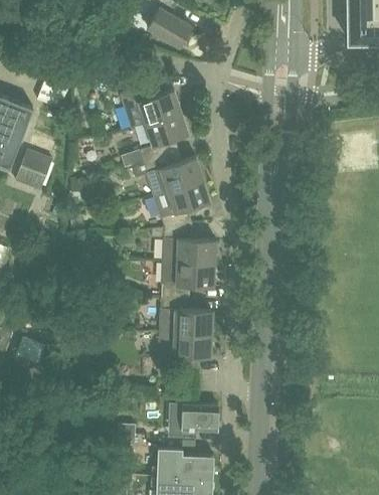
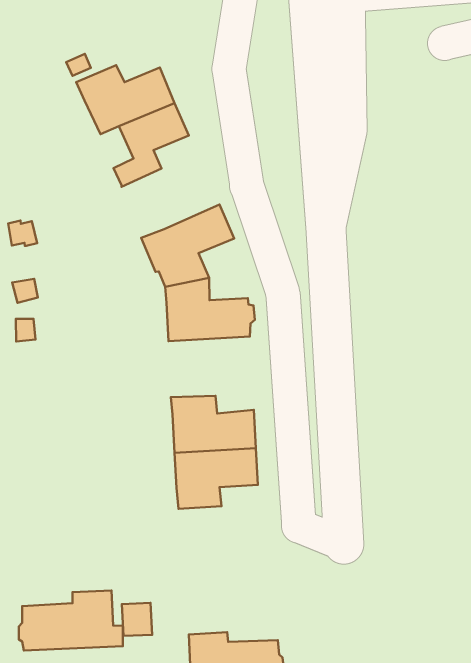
building: [131,155,203,197] -> none
building: [161,264,214,301] -> none
building: [181,405,218,439] -> none
building: none -> [19,591,123,651]

